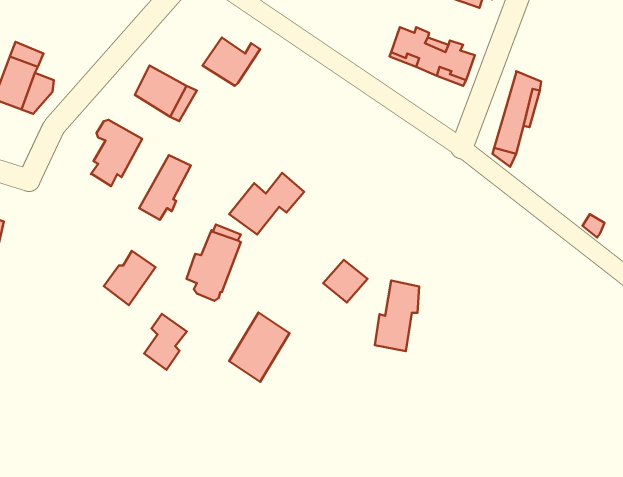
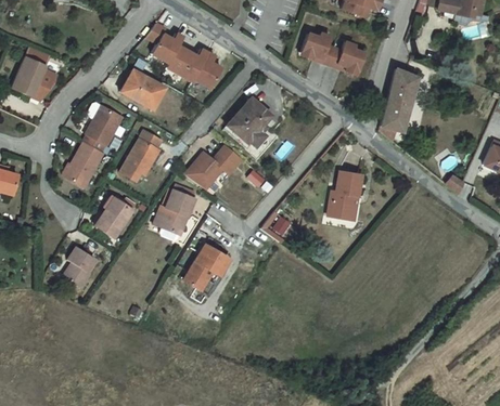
building: none -> [150,21,185,64]
building: none -> [193,52,221,87]
building: none -> [222,95,270,145]
building: none -> [66,144,104,187]
building: [375,280,419,351] -> [330,170,362,222]
building: [144,314,187,370] -> [64,246,95,287]

